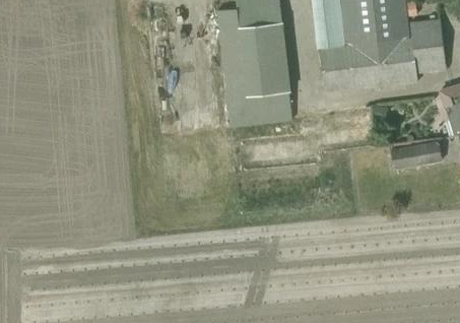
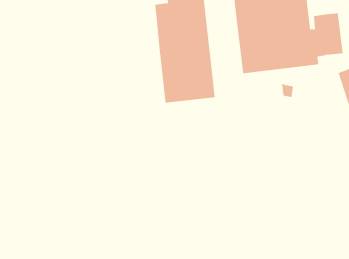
building: [389,138,442,170] -> none

